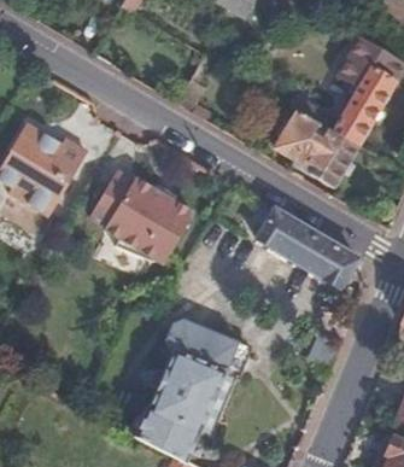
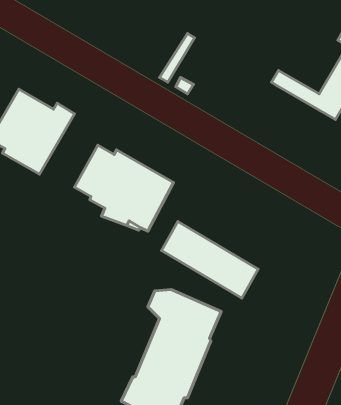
building: [276,110,358,186] -> none
building: [258,209,358,288] -> [162,221,258,298]

